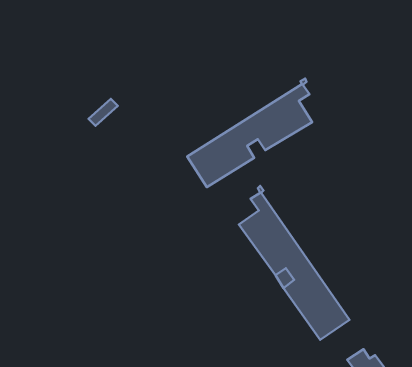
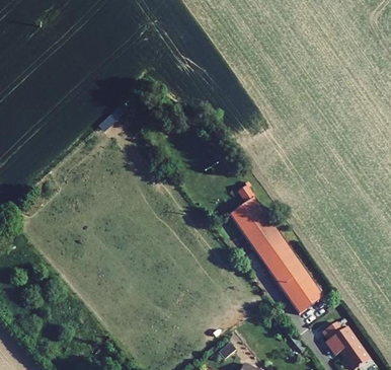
building: [187,79,312,187] -> none

